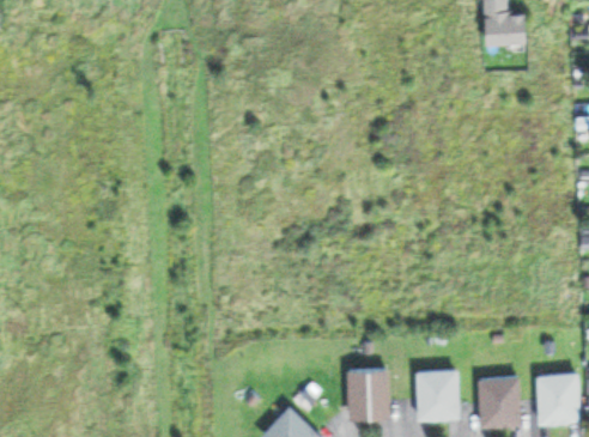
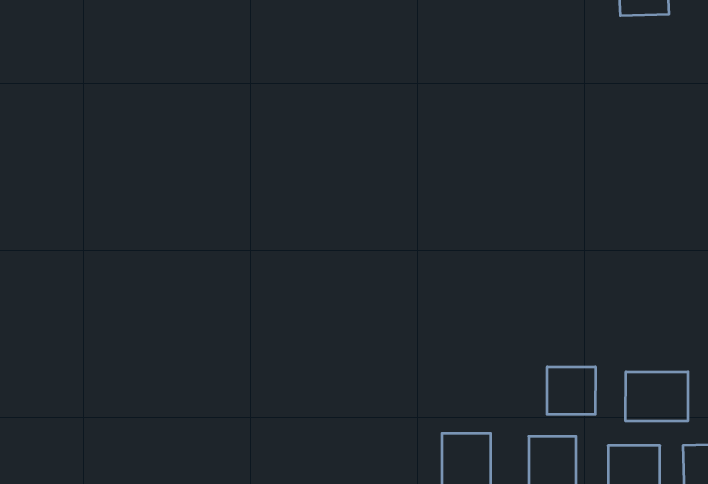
building: none -> [547,367,595,414]
building: none -> [626,372,688,421]

